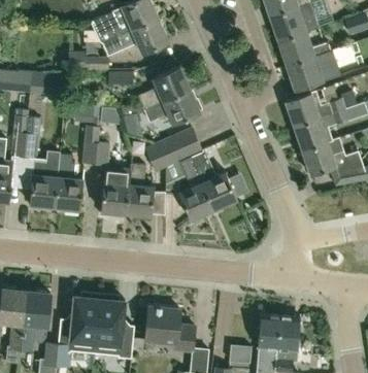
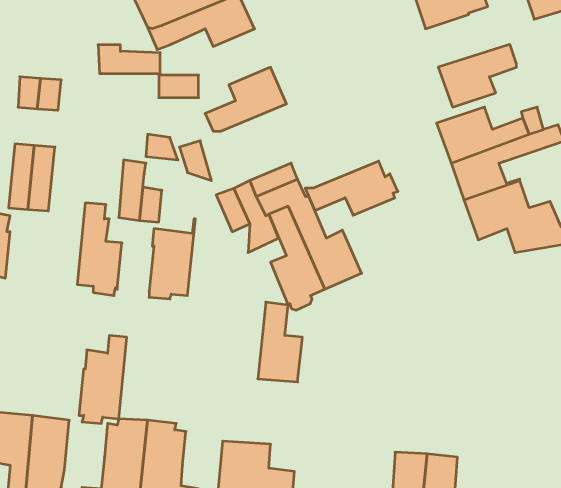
building: [279,27,333,66] -> none
building: [142,90,202,125] -> [305,161,398,215]
building: [29,152,60,209] -> [79,336,127,423]
building: [126,164,155,215] -> [258,302,302,382]

